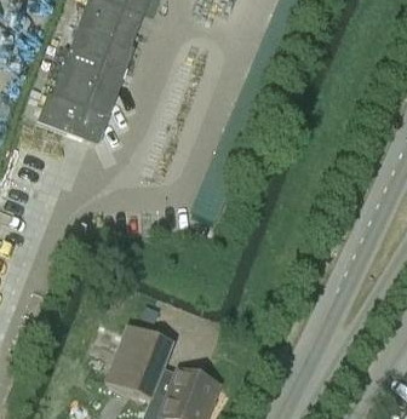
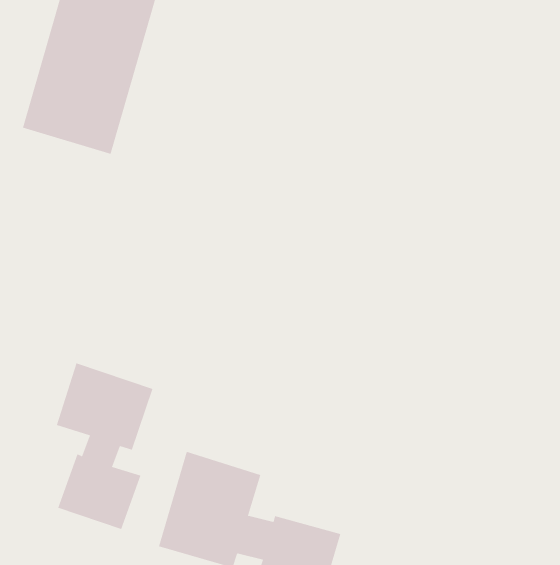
building: none -> [56,362,153,530]

